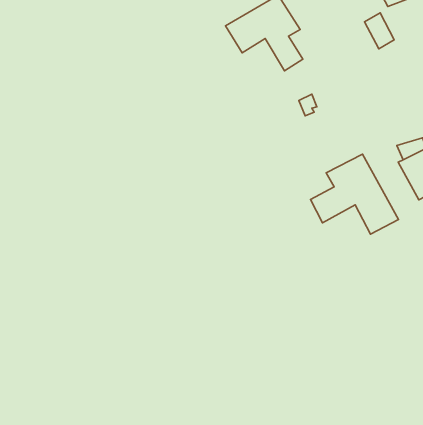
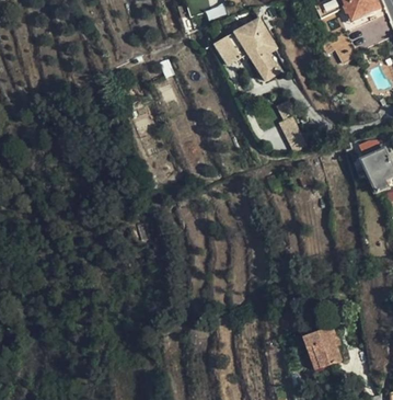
building: [311,154,398,234] -> none
building: none -> [302,324,342,369]

